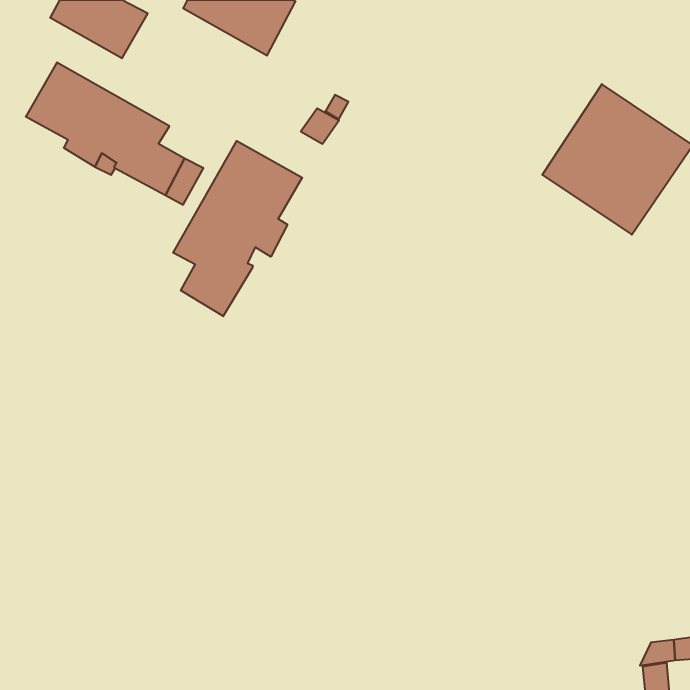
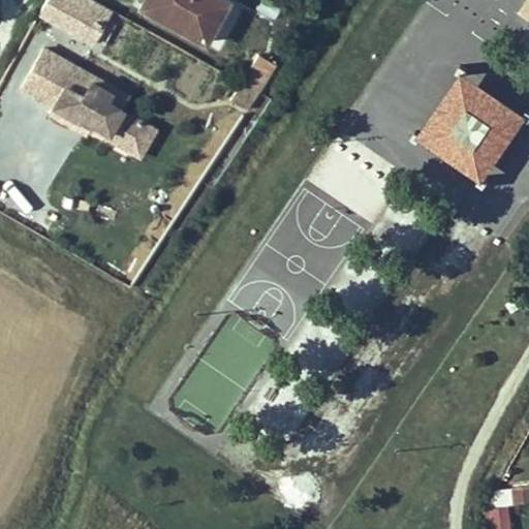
building: [173,141,302,316] -> none

